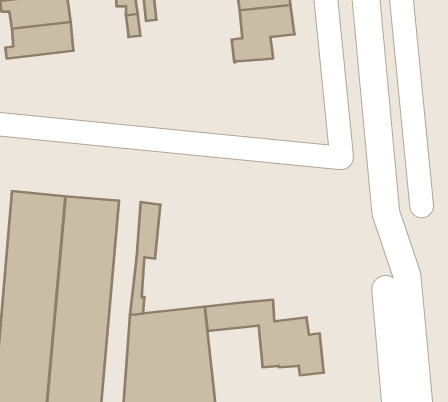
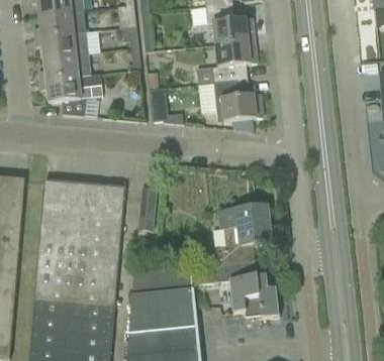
building: none -> [39,73,102,115]
building: none -> [213,78,262,130]
building: none -> [149,87,168,121]
building: none -> [214,206,271,263]

